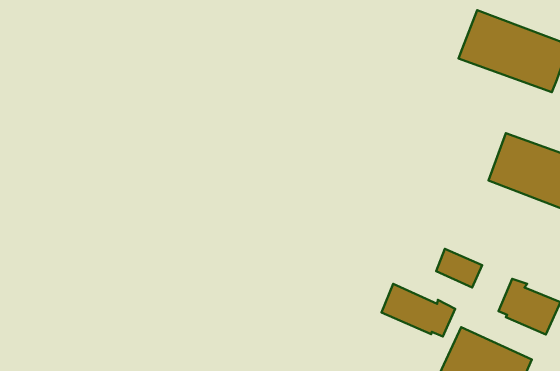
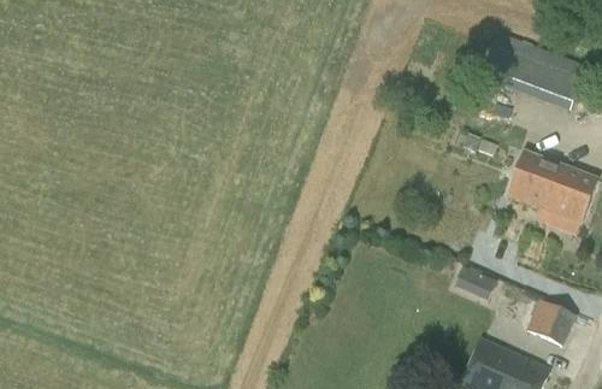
building: [382,284,455,336] -> none

